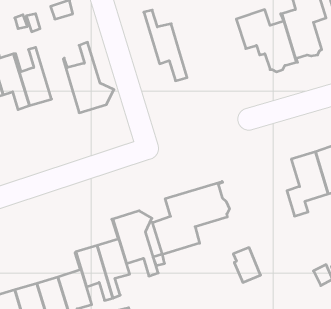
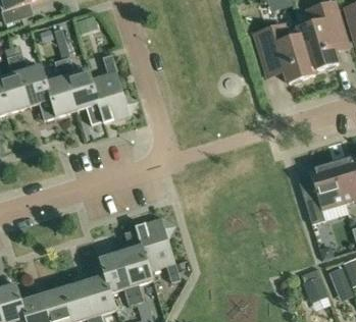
building: [144,10,187,81] -> [62,58,104,126]
building: [152,181,229,255] -> none
building: [233,248,261,282] -> [302,268,328,302]

